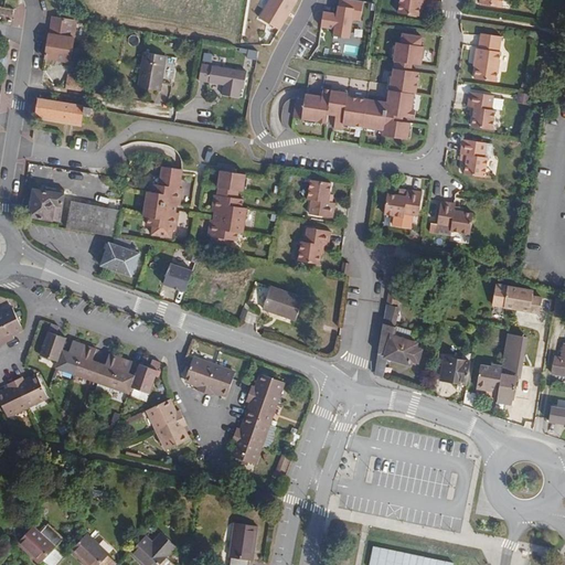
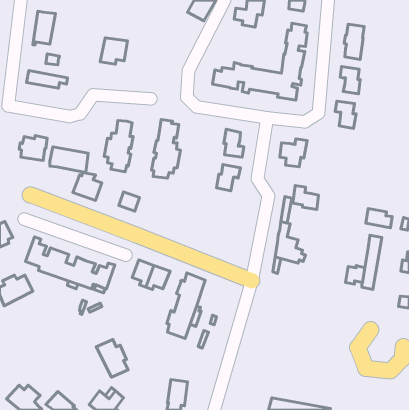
building: [198,63,246,96] -> none
building: [437,202,472,235] -> [293,185,318,209]
building: [263,286,303,319] -> none
building: [440,356,470,384] -> none
building: [143,402,188,454] -> [96,339,128,377]

